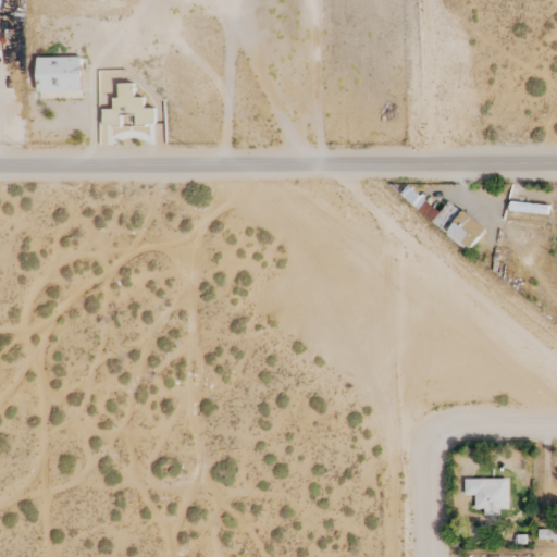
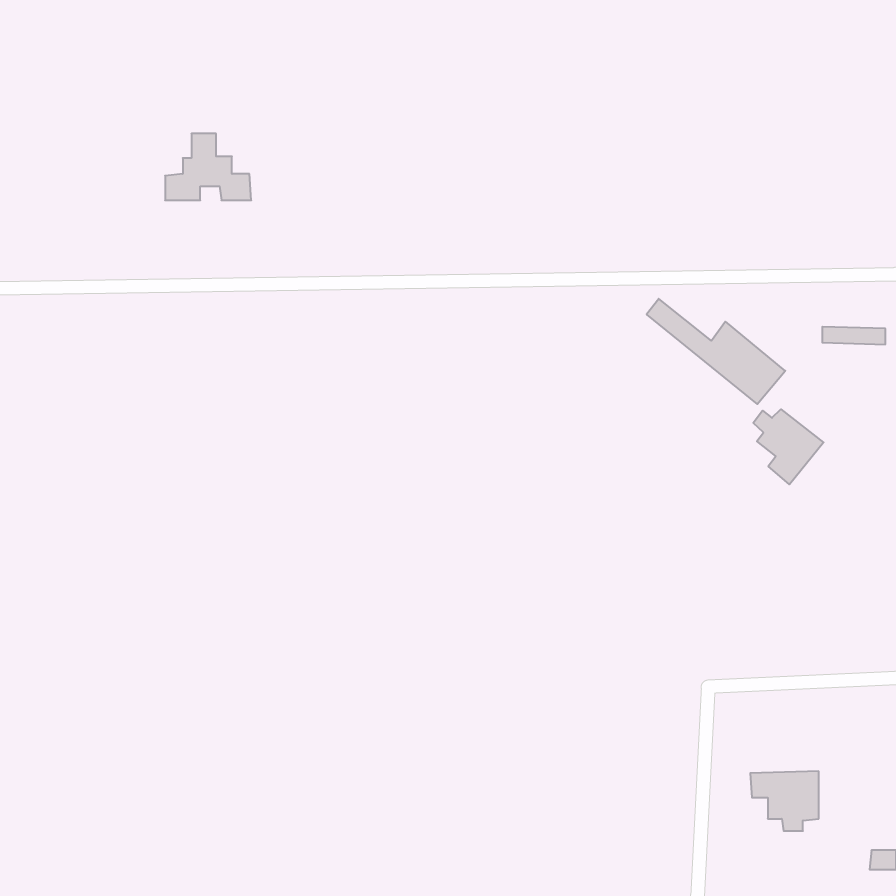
building: [37,55,82,90] -> none
building: none -> [753,409,824,484]

